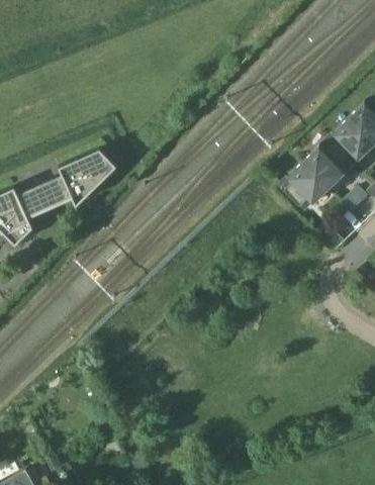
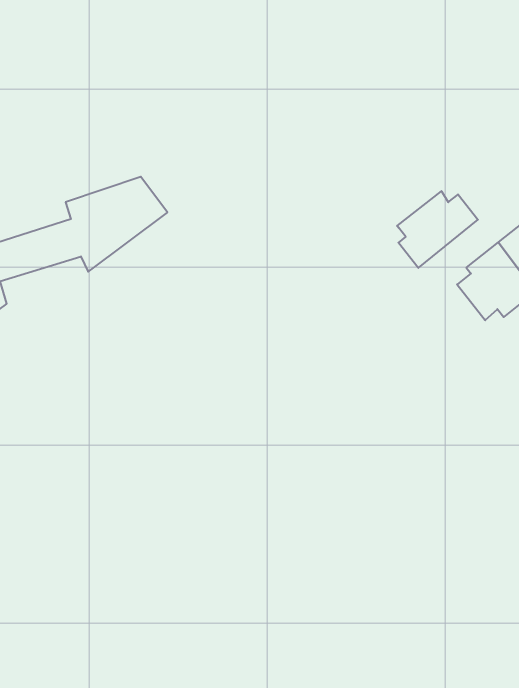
building: none -> [397,191,478,268]

